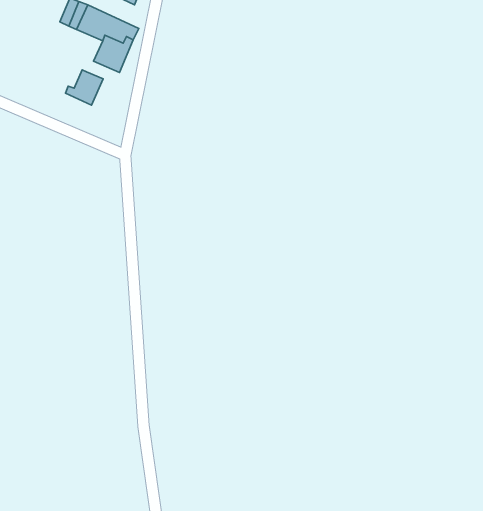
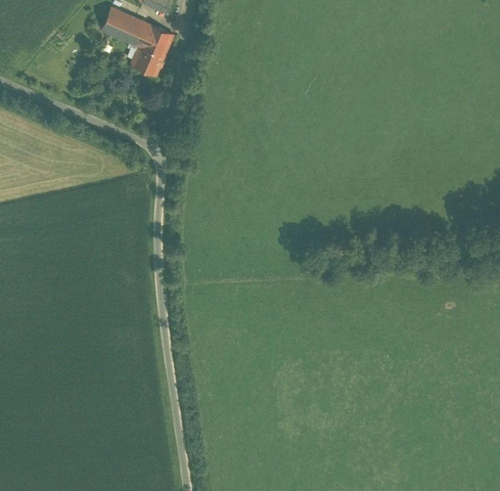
building: [66,70,103,105] -> none

